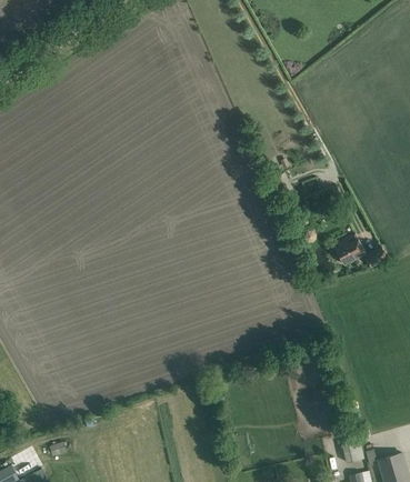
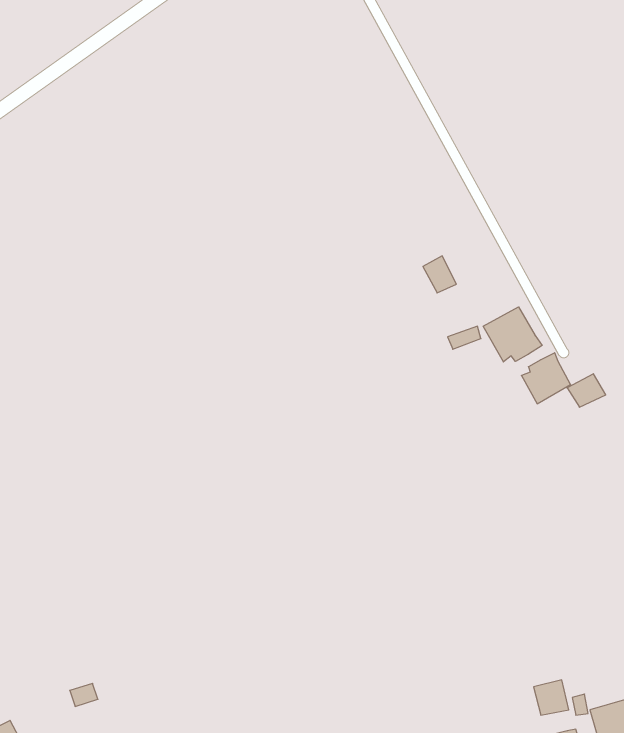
building: none -> [483,307,542,362]

